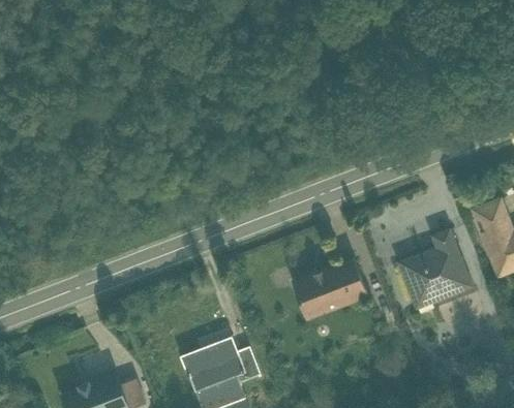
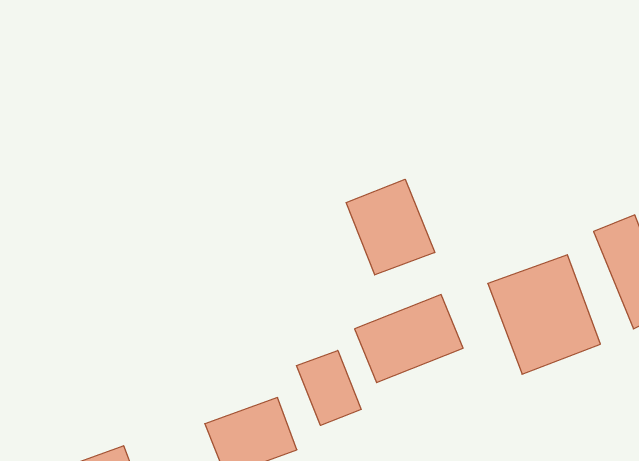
building: none -> [346,179,435,275]
building: none -> [296,350,361,425]

